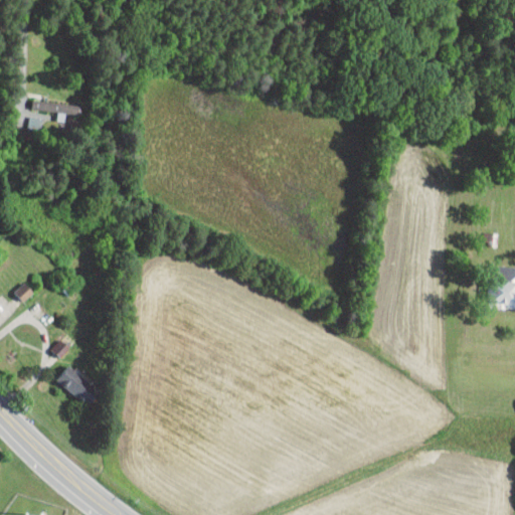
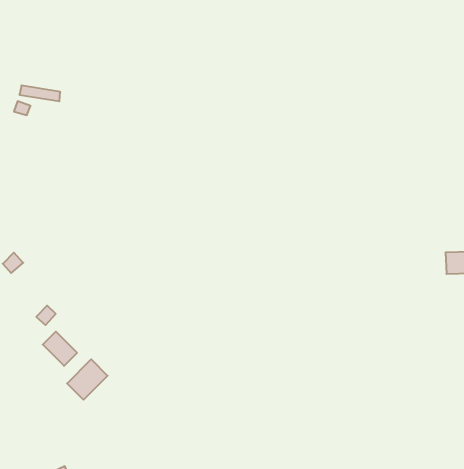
building: none -> [67,359,108,400]

